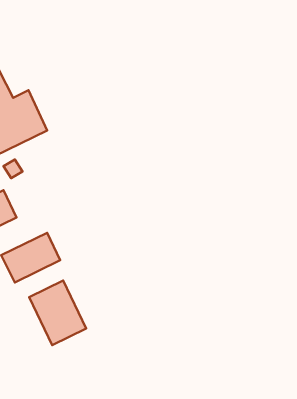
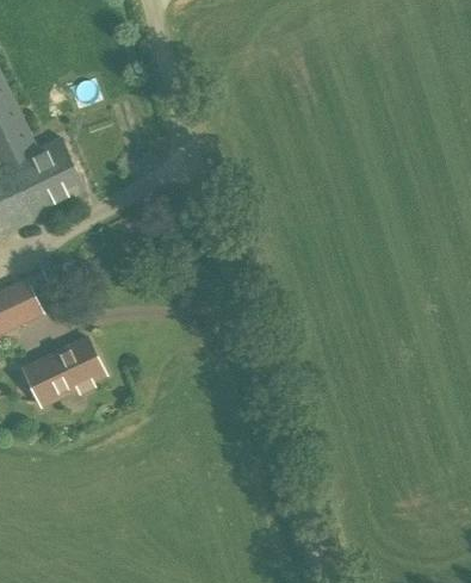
building: [29,280,86,345] -> none

